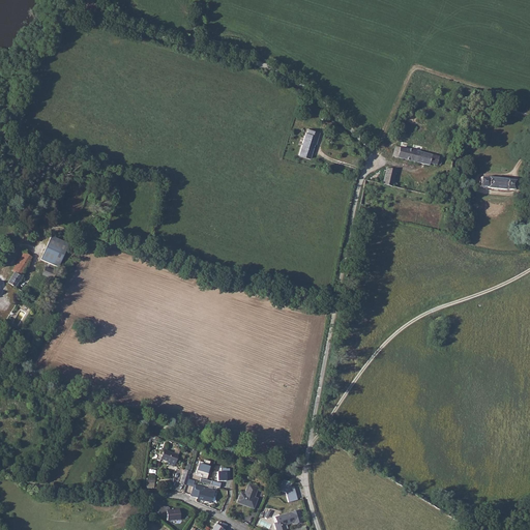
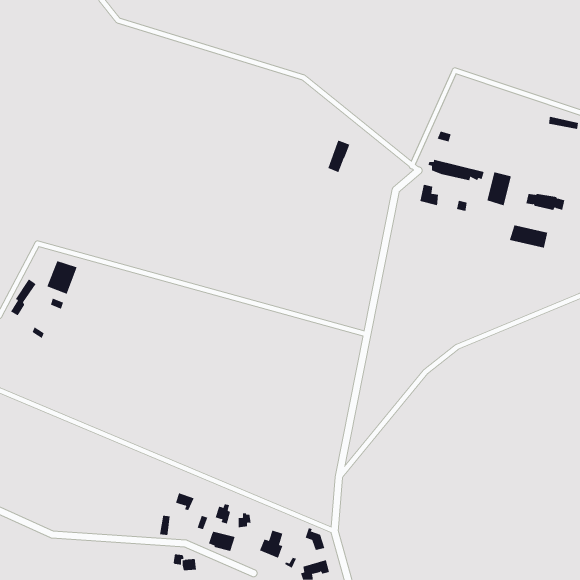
building: none -> [487,172,512,206]
building: none -> [509,225,548,248]

